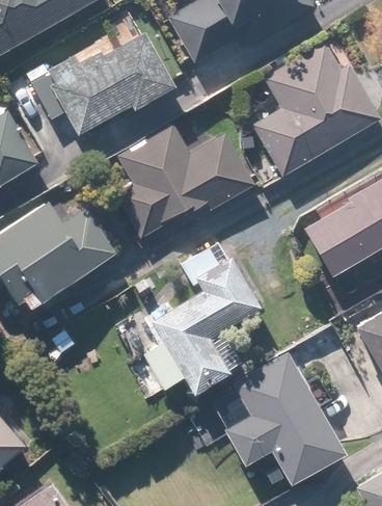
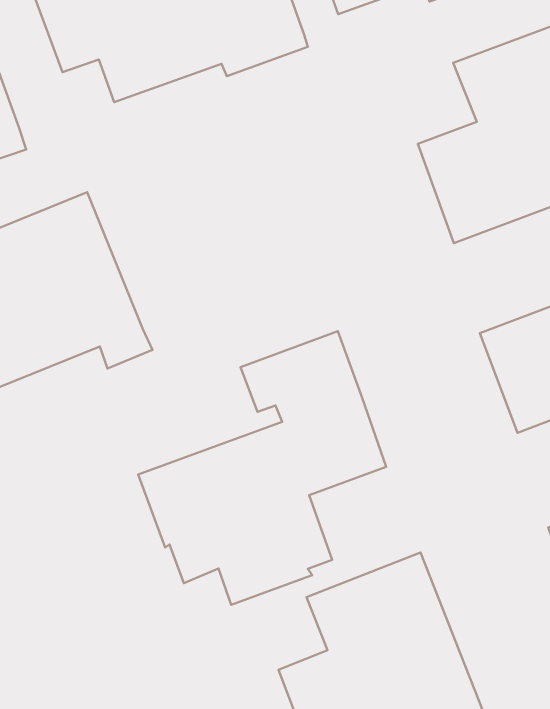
building: [110,124,256,241] -> none

